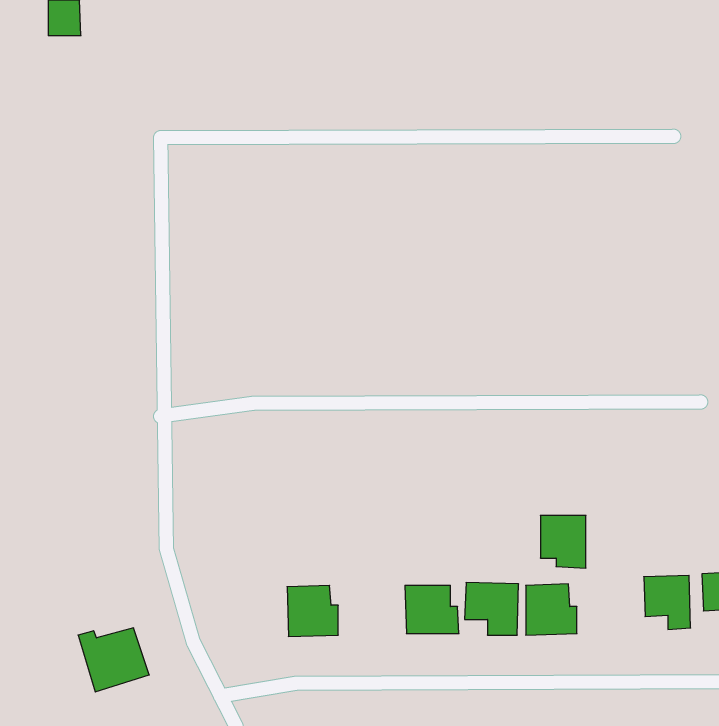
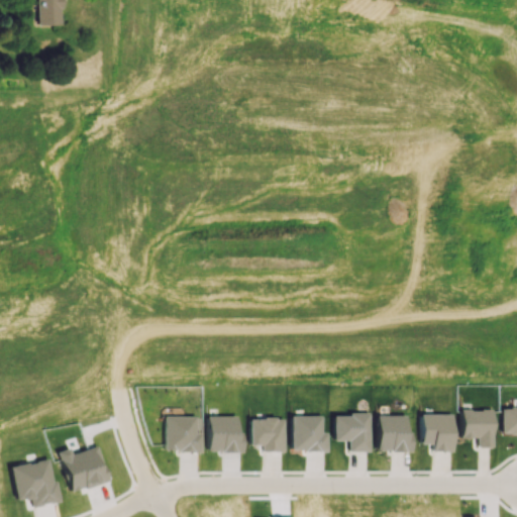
building: [540,515,586,568] -> [423,414,455,451]
building: none -> [167,416,205,451]
building: none -> [251,418,288,451]
building: none -> [13,459,60,506]

